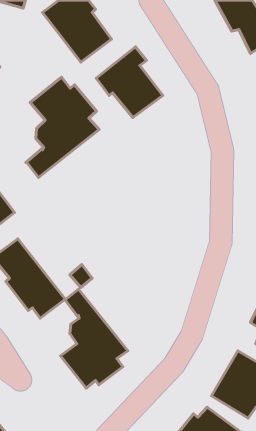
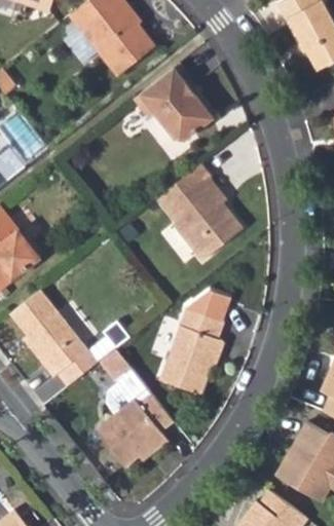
building: [26,77,99,177] -> none
building: none -> [161,161,242,262]
building: none -> [160,290,225,392]

